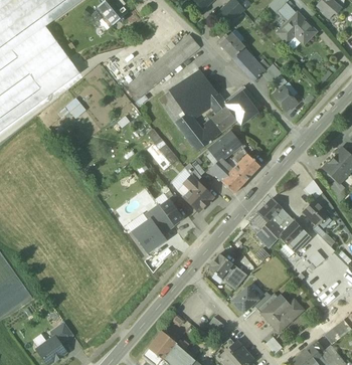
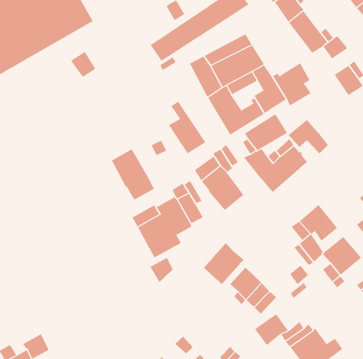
building: none -> [288,119,329,154]
building: none -> [111,149,154,201]
building: none -> [203,243,245,285]

